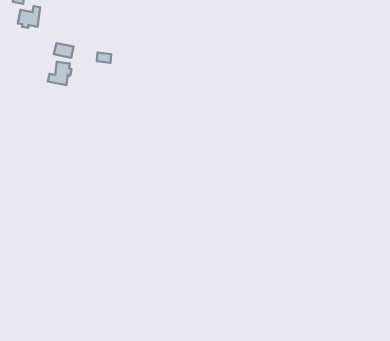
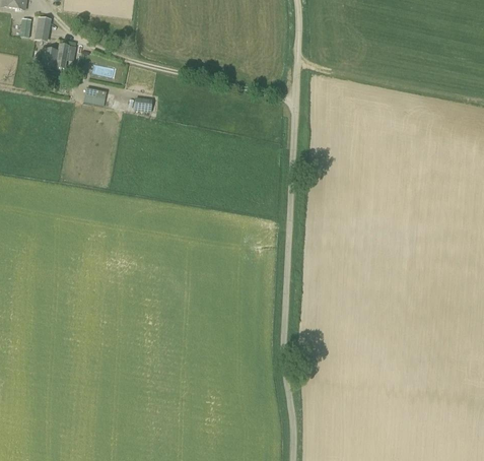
building: [48,62,71,85] -> none

